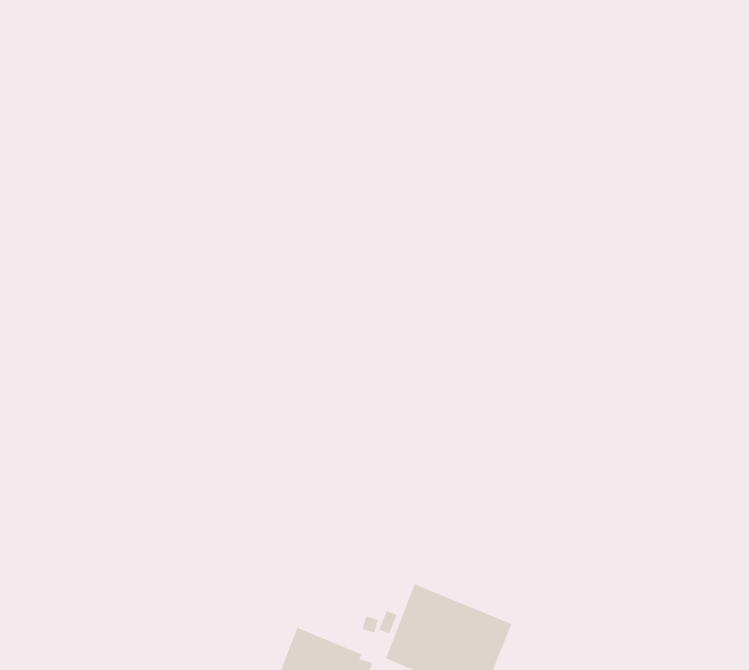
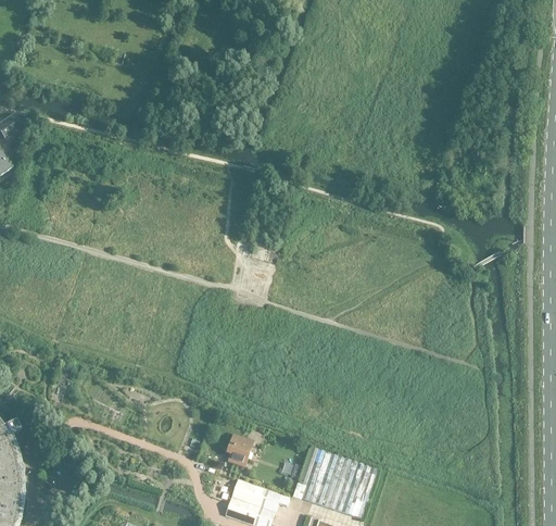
building: none -> [227,436,251,467]

